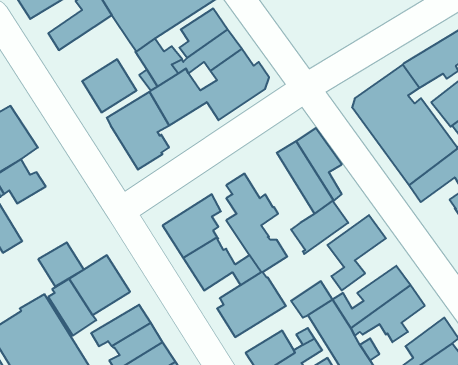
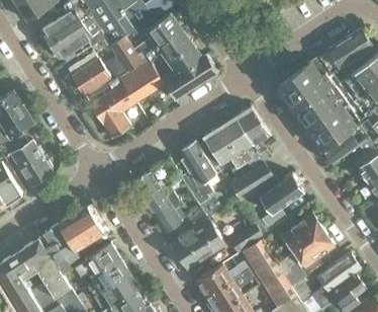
building: none -> [50,18,105,60]
building: none -> [203,126,249,180]
building: [38,242,84,287] -> [17,152,53,186]

